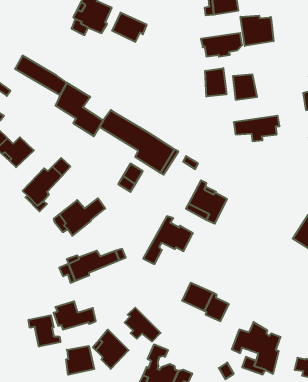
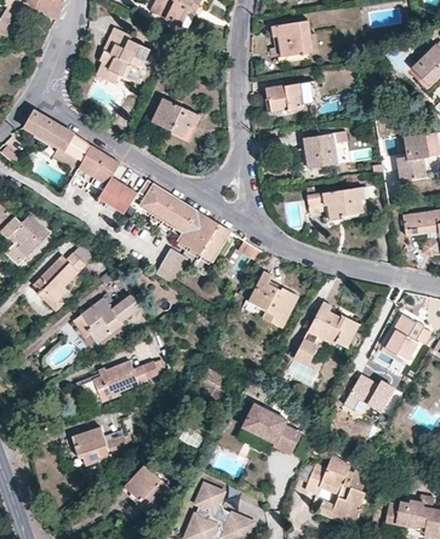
building: [112,13,147,42] -> [152,97,196,134]
building: [241,16,273,46] -> none
building: [205,68,226,97] -> none
building: [143,216,193,264] -> [293,302,358,363]
building: none -> [349,373,394,409]
building: [125,308,161,341] -> none
building: [29,315,60,347] -> none
building: [66,346,94,375] -> none

